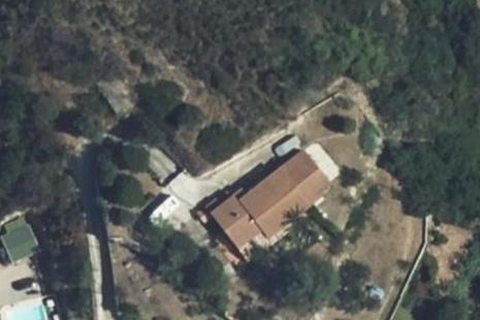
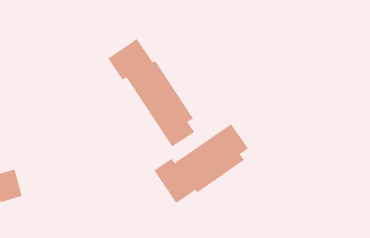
building: none -> [107,38,195,147]

